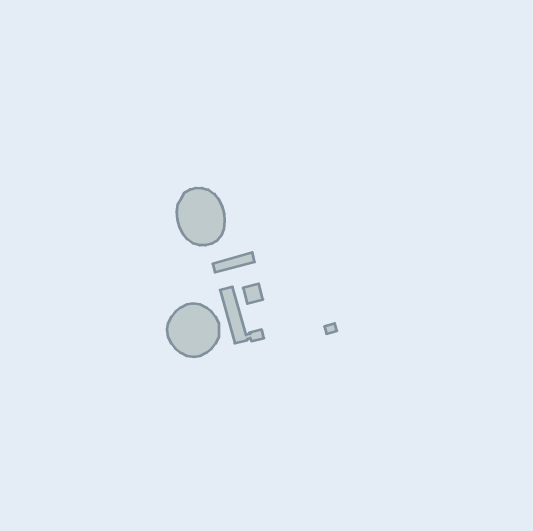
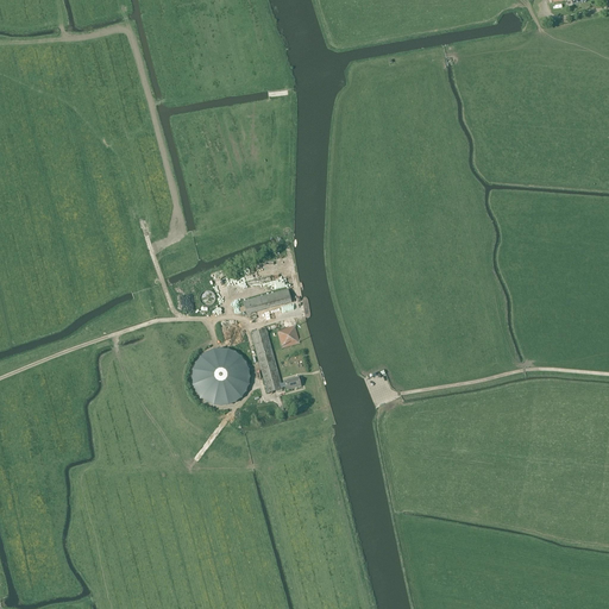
building: [177,188,225,245] -> none

